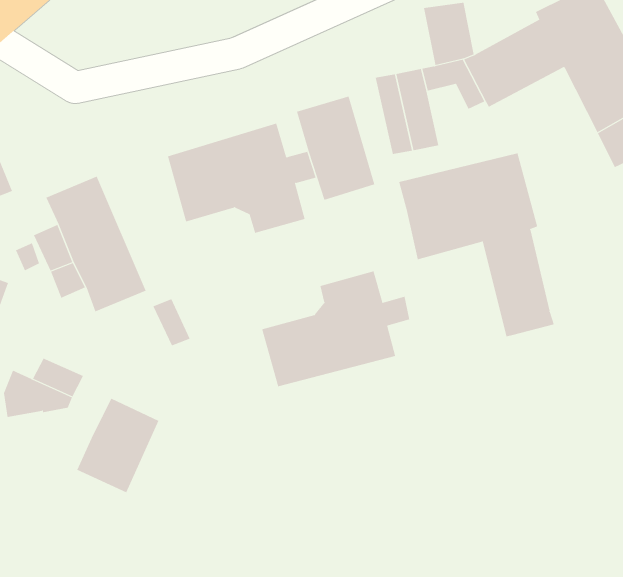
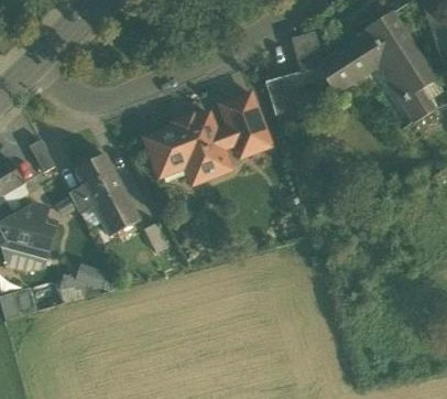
building: [398,152,555,337] -> none
building: [262,270,410,387] -> none
building: [77,398,159,493] -> none

